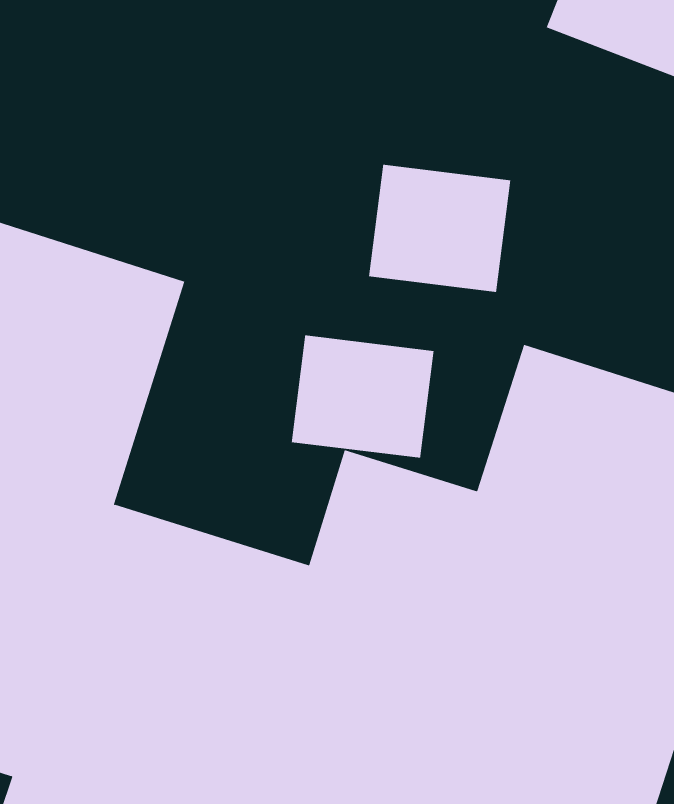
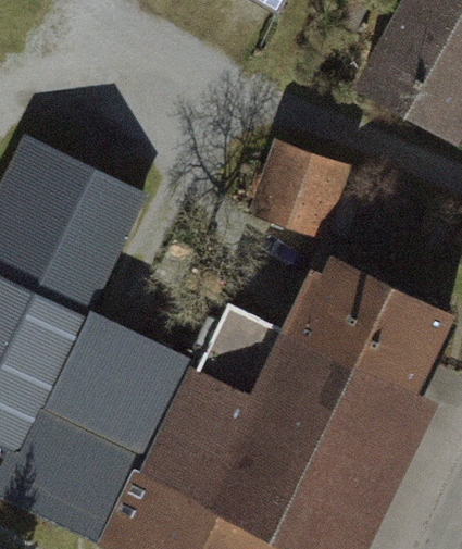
building: [291,335,434,459] -> none

